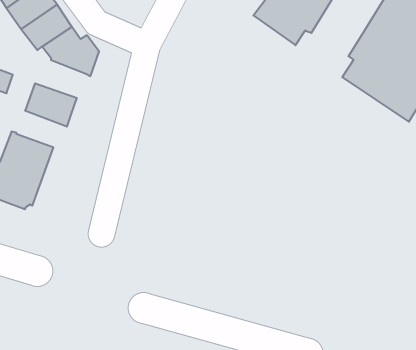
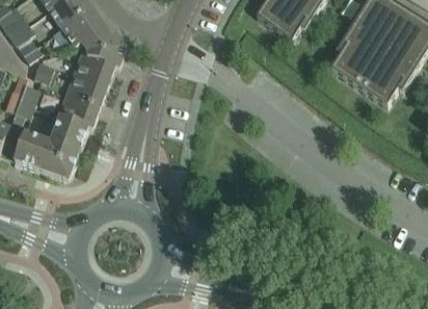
building: none -> [72,51,114,85]
building: none -> [56,96,99,129]

